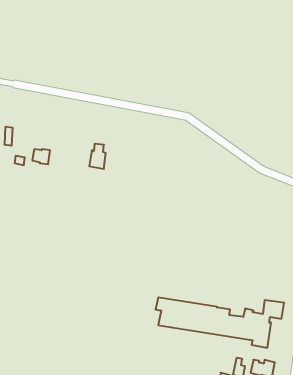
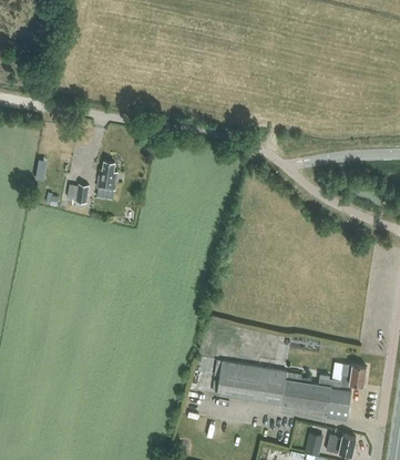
building: [89,144,106,169] -> [96,161,116,191]

